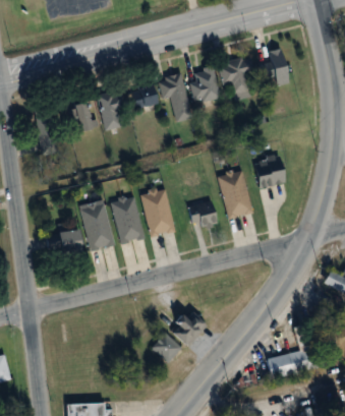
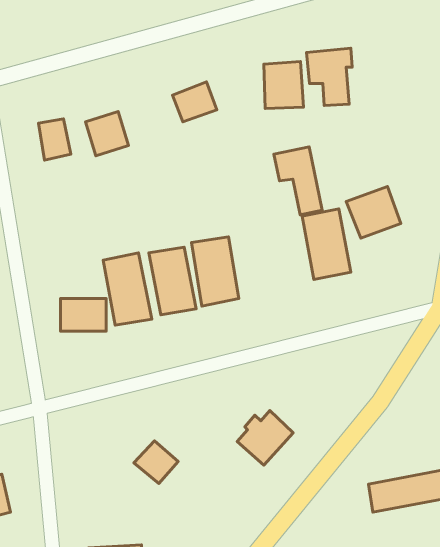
building: [255,47,288,85] -> none
building: [156,73,189,120] -> [274,147,322,215]
building: [93,88,127,130] -> none
building: [183,201,217,228] -> none
building: [152,332,182,361] -> [134,441,178,484]

